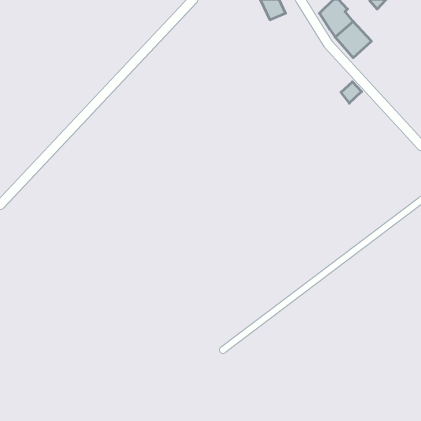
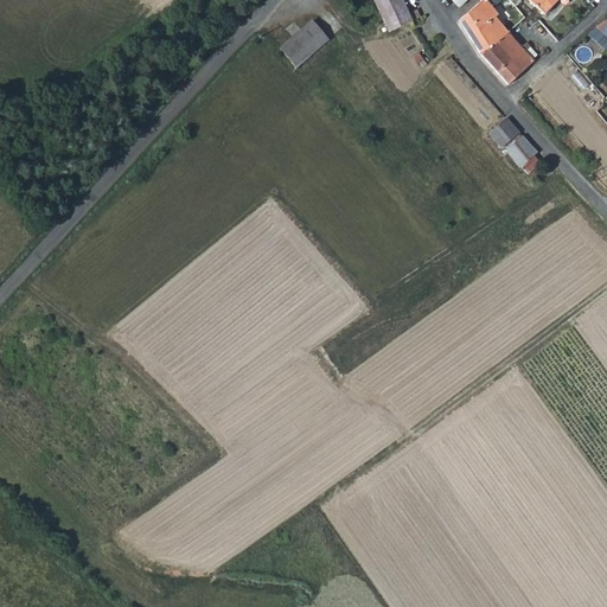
building: none -> [280,18,330,68]
building: none -> [506,134,538,166]

